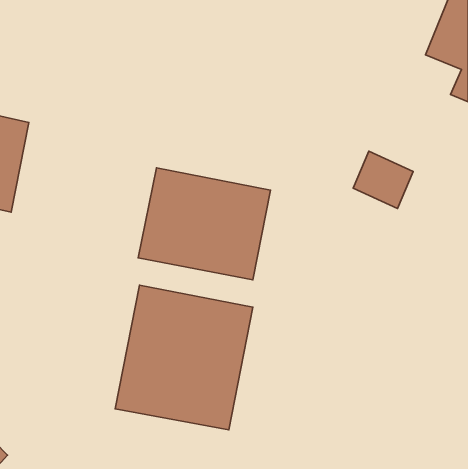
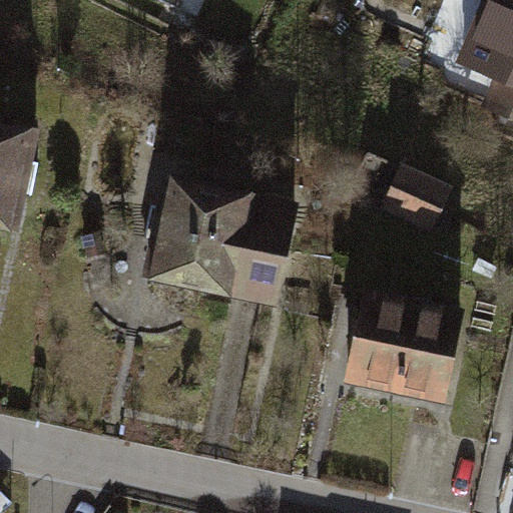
building: none -> [346,293,458,404]
building: [115,285,253,430] -> none

